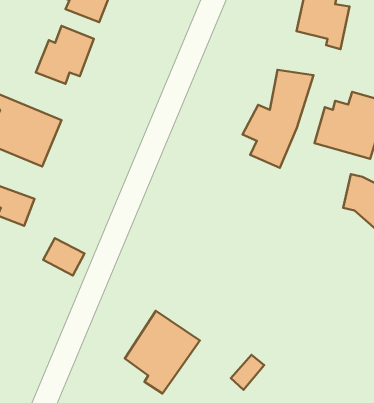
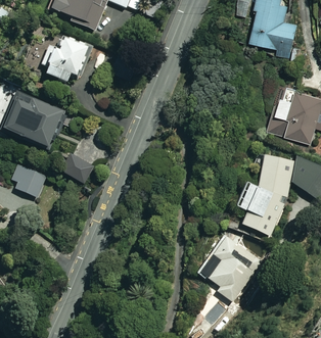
building: [243,70,314,168] -> [235,156,291,234]
building: [43,238,84,275] -> [60,154,93,184]
building: [125,311,200,393] -> [200,236,260,301]

